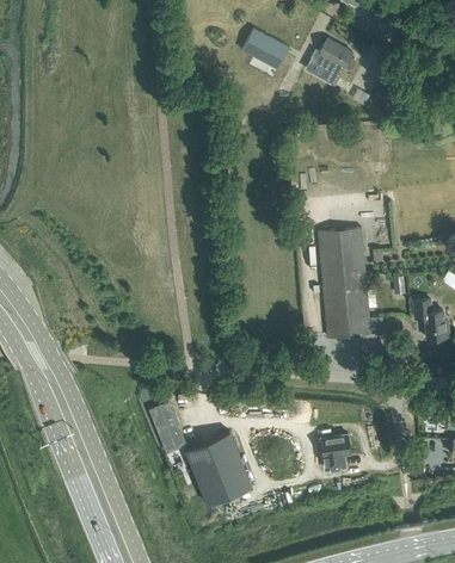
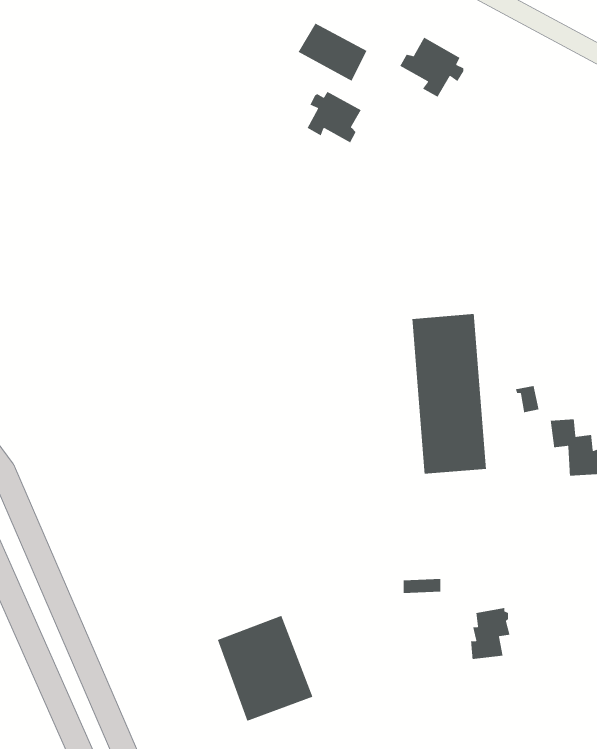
building: none -> [307,91,362,143]
building: [150,403,185,452] -> none
building: [324,435,351,471] -> [470,607,510,660]

